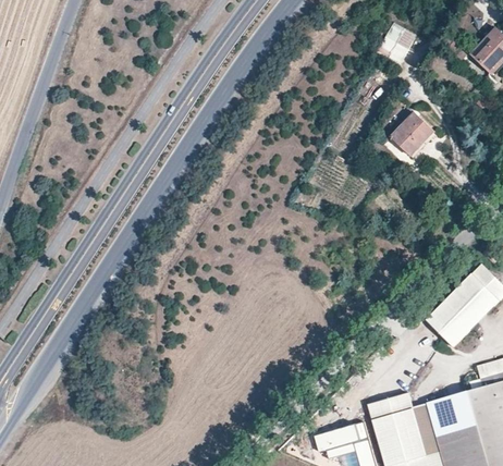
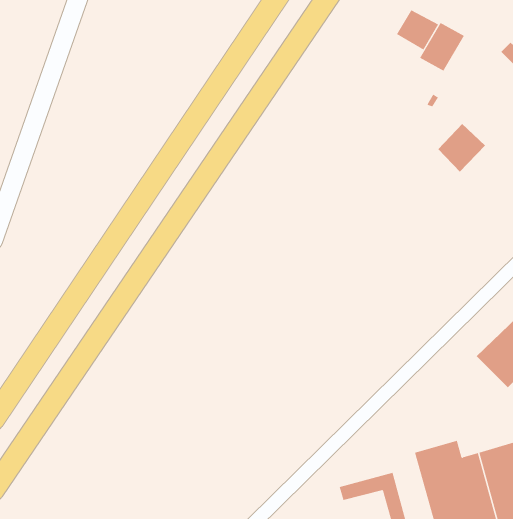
building: none -> [396,9,439,51]

